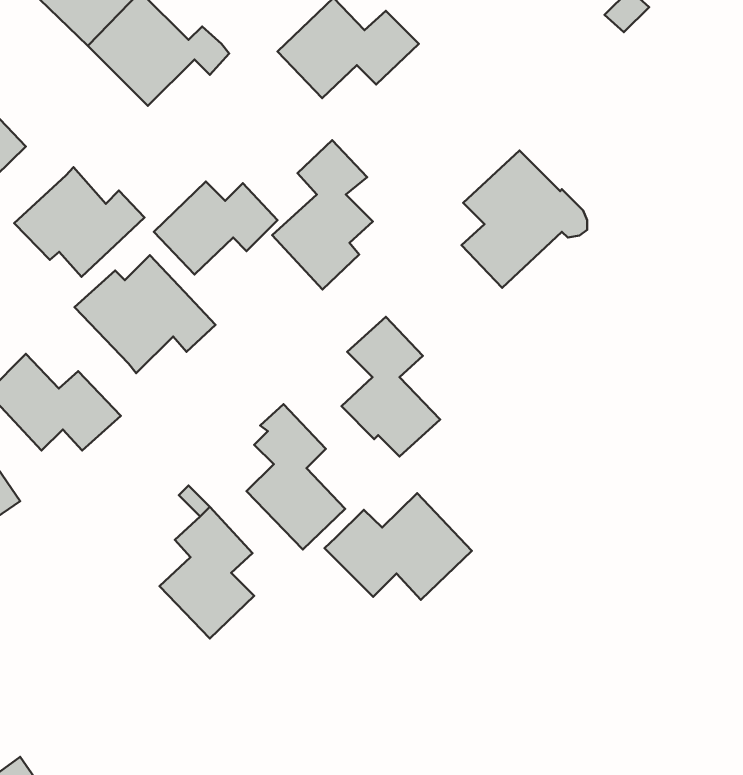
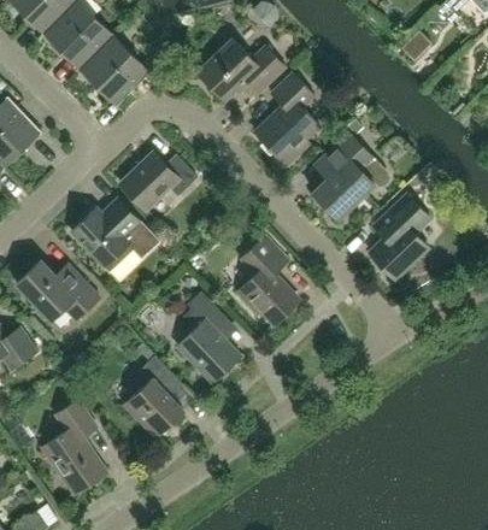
building: [272,140,373,289] -> [255,72,318,165]
building: [14,167,144,277] -> none
building: none -> [370,194,430,277]
building: [324,493,472,600] -> none
building: none -> [42,399,106,493]

